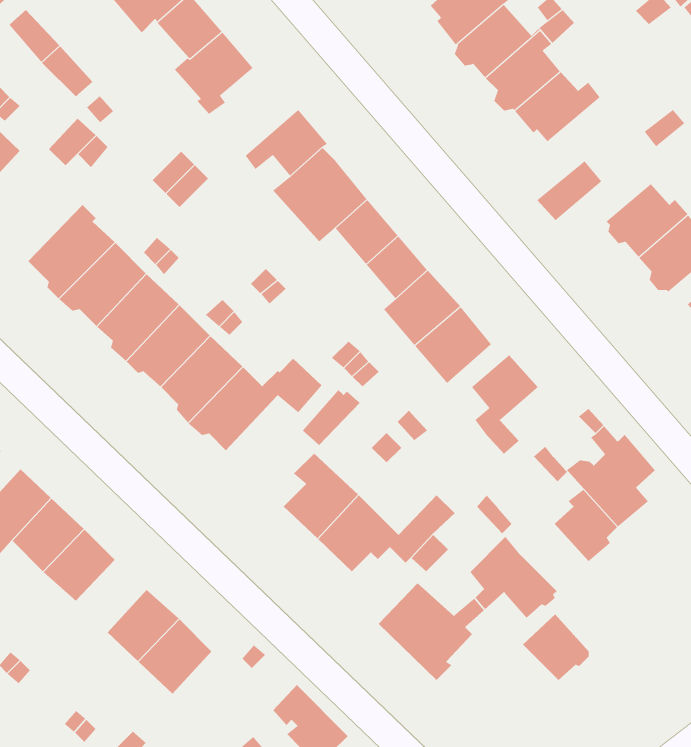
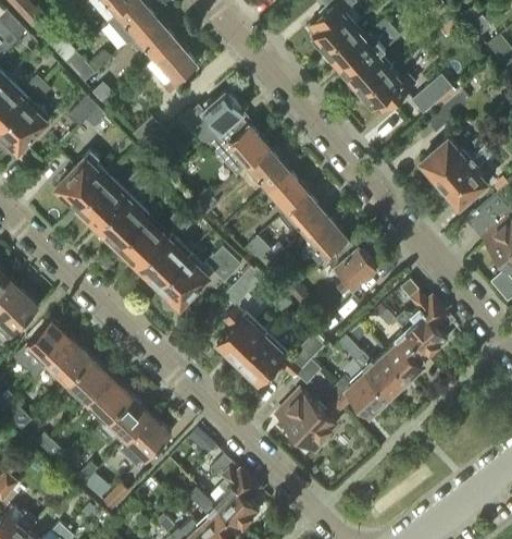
building: [536,160,602,221] -> [411,75,452,113]
building: none -> [85,376,129,421]
building: [522,613,590,681] -> [365,353,408,395]

